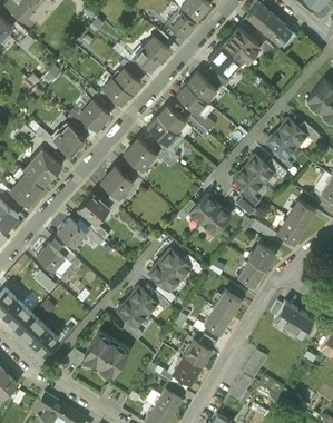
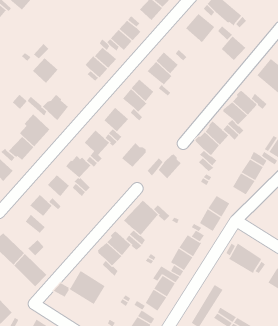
building: [208,47,238,77] -> [221,36,246,61]
building: [79,100,110,131] -> [32,58,58,84]
building: [200,207,231,237] -> [121,142,147,167]

